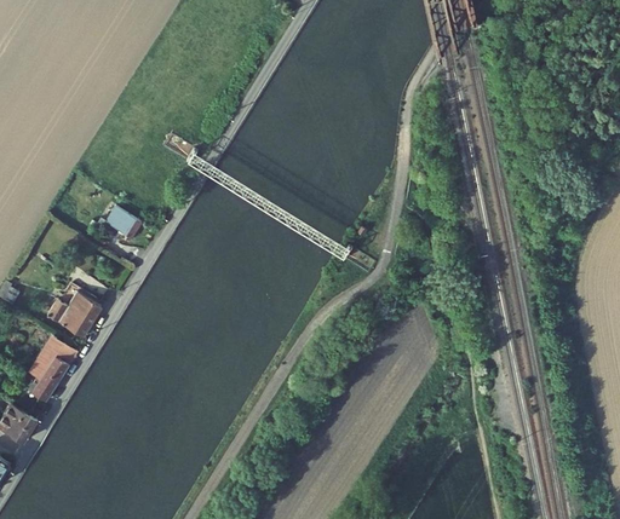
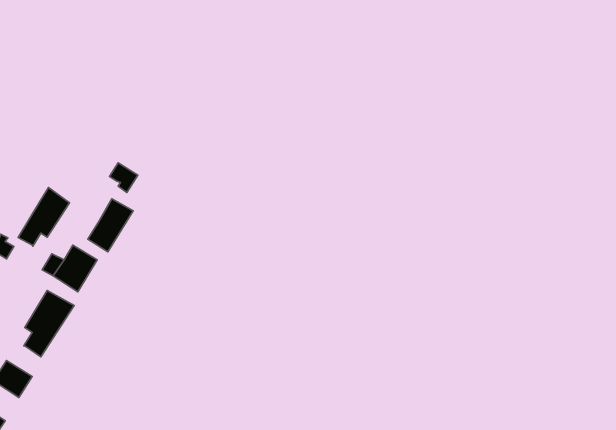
building: none -> [18,188,69,246]
building: none -> [88,199,133,252]

